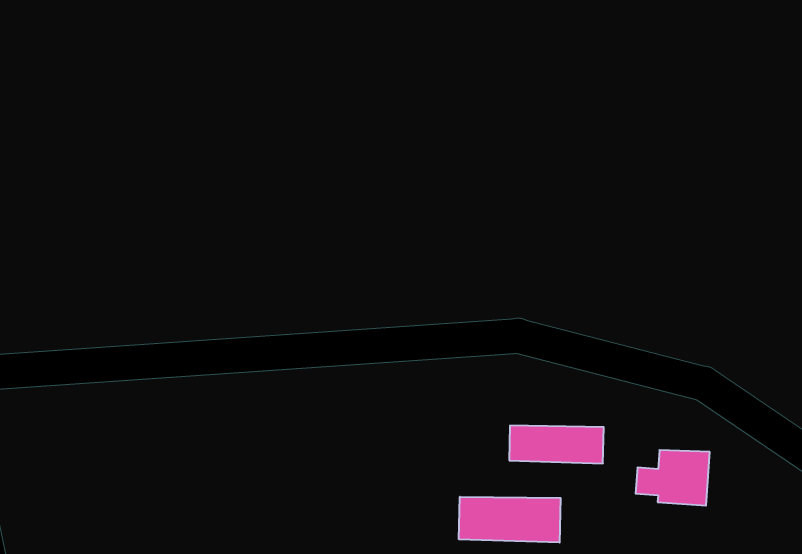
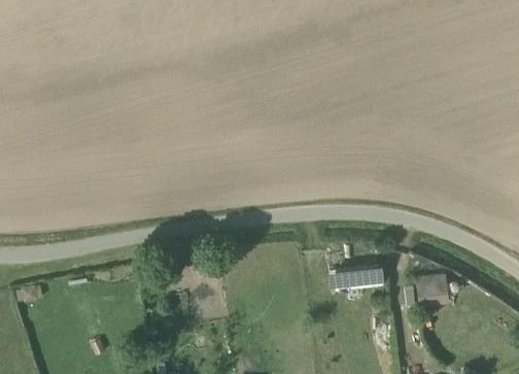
building: [459,497,561,543] -> none

